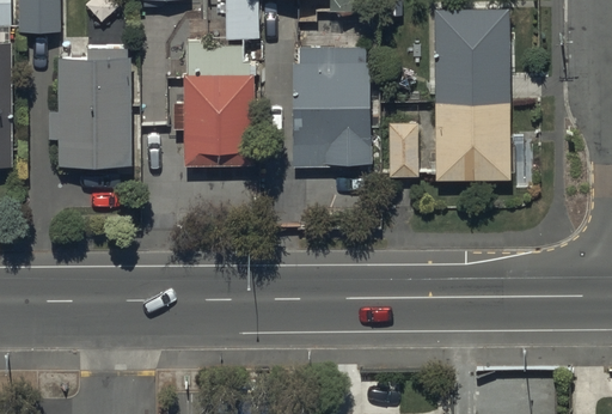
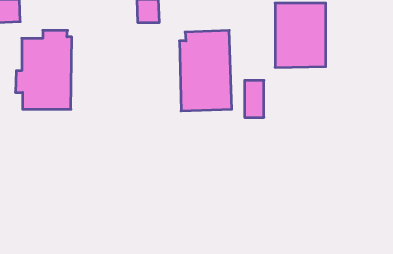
building: [171,41,253,164] -> none
building: [433,102,515,181] -> none

